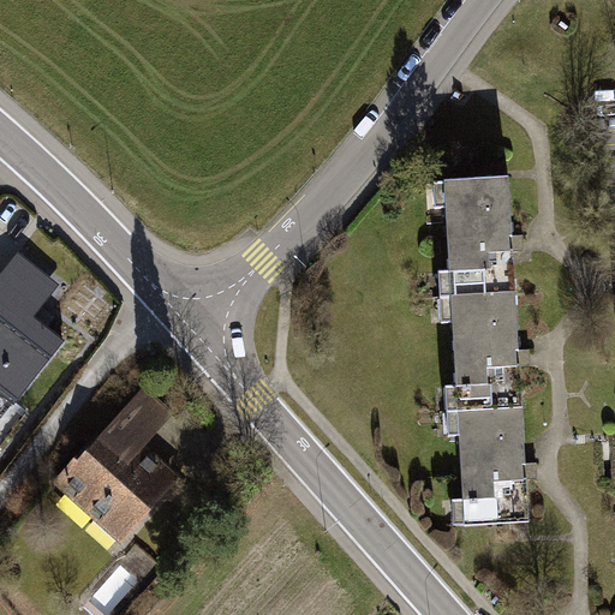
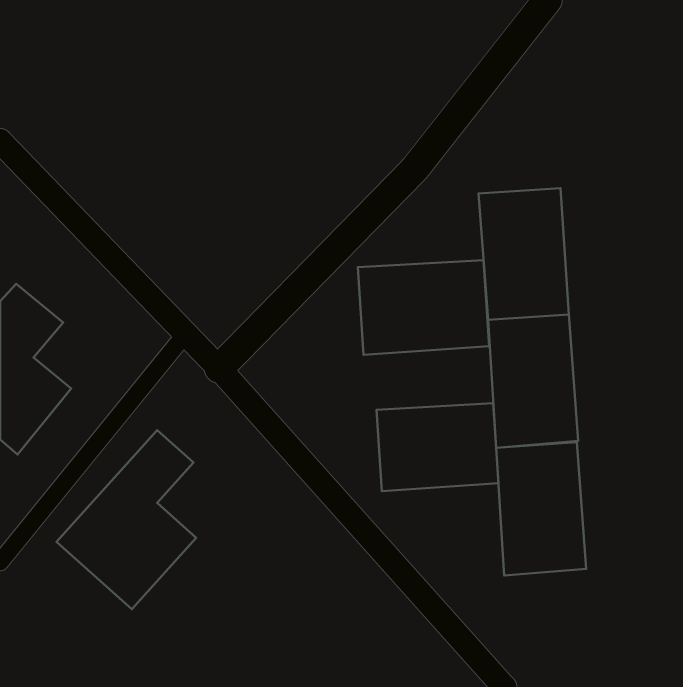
building: none -> [358,260,489,355]
building: none -> [377,403,498,491]

